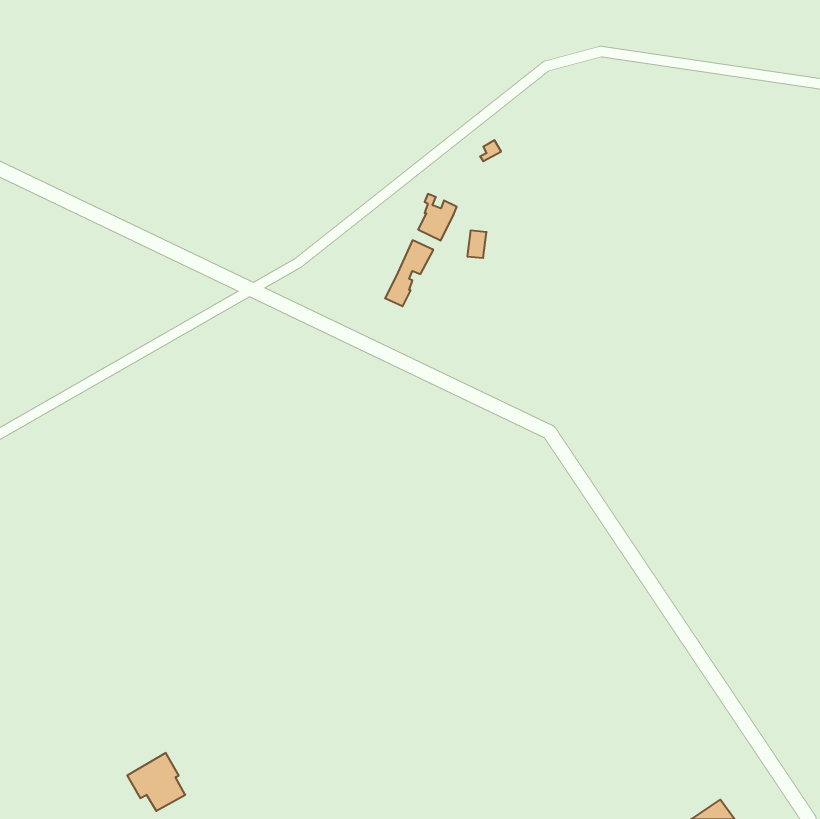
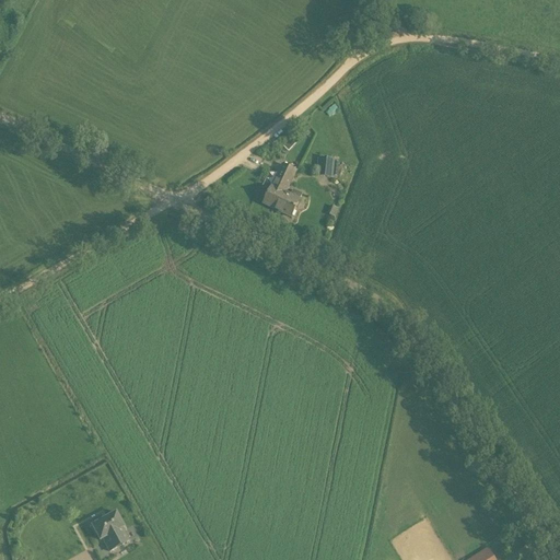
building: [418,194,457,241] -> [273,184,300,215]

